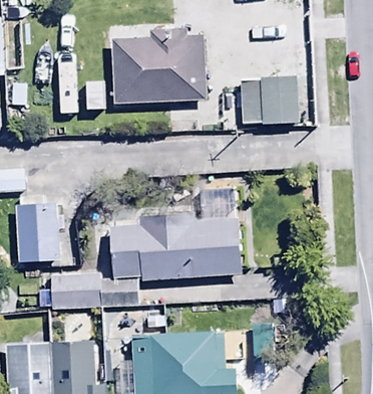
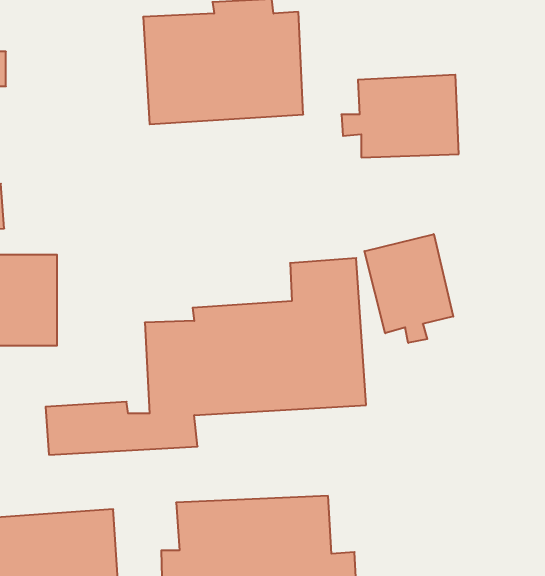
building: none -> [364,234,453,343]

